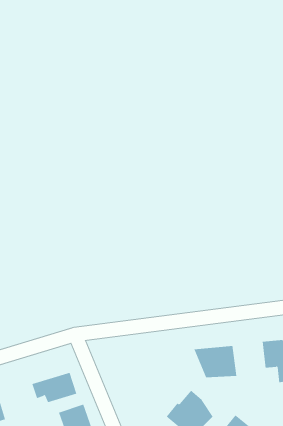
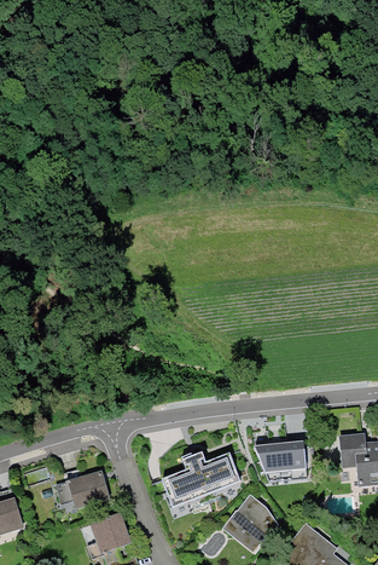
building: none -> [161,450,239,506]

